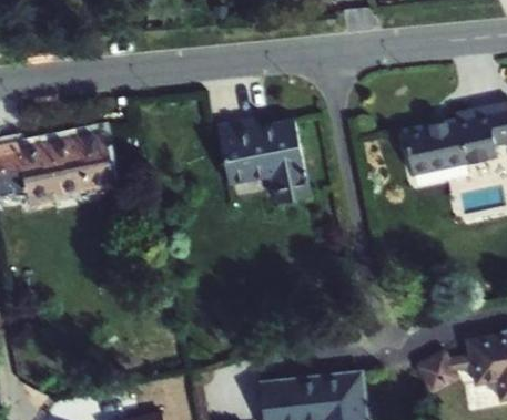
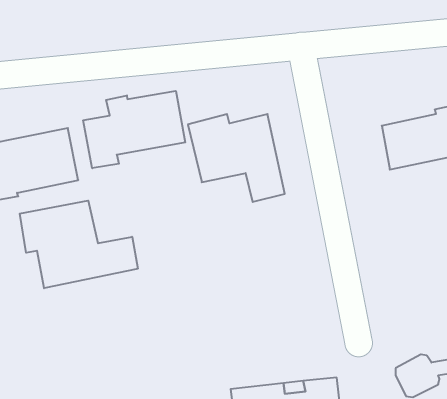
building: none -> [83,91,185,168]
building: none -> [20,201,138,288]

